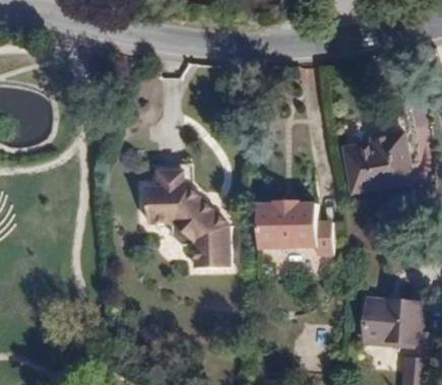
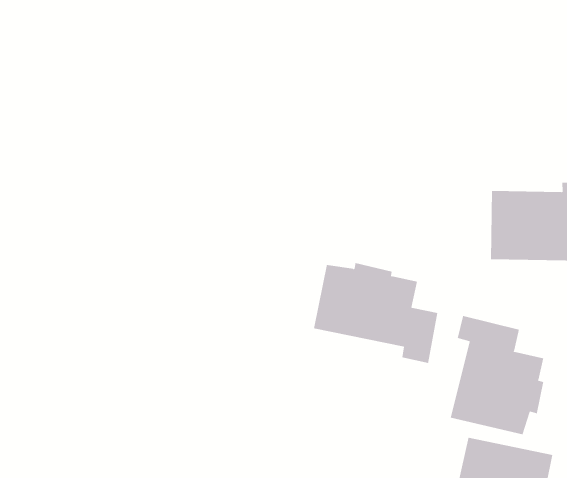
building: [151,171,233,271] -> none
building: none -> [450,315,544,435]

